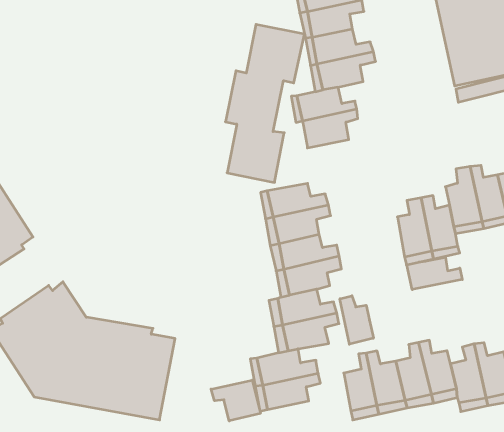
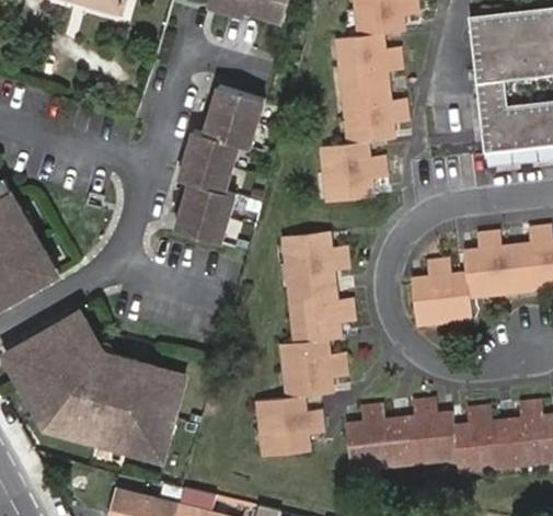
building: [225,24,305,182] -> [172,87,262,244]
building: [407,257,462,290] -> none
building: [340,296,373,344] -> none
building: [211,380,260,421] -> none

